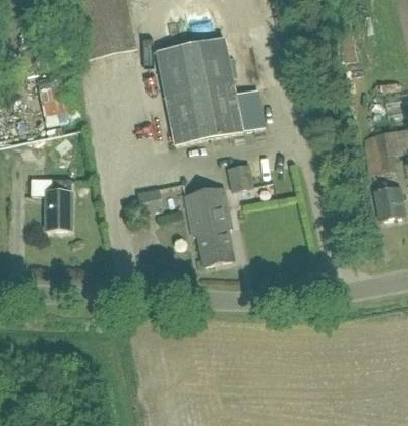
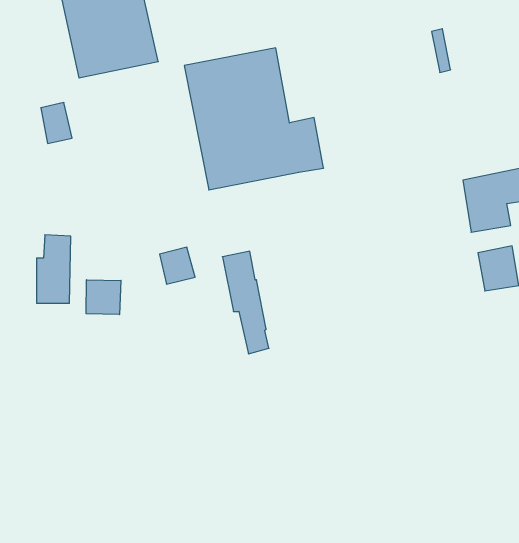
building: [228,165,254,191] -> none
building: [205,186,234,261] -> none
building: none -> [86,280,121,315]

